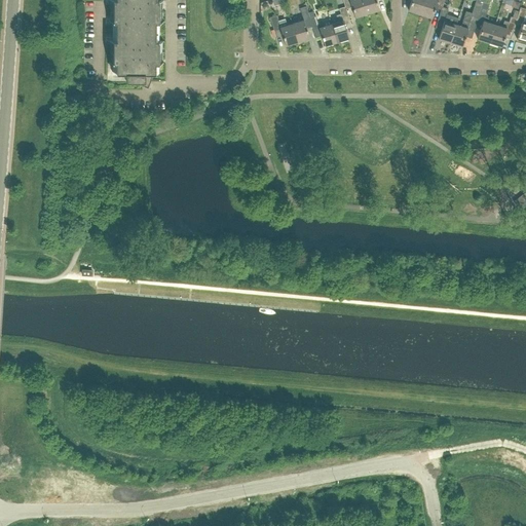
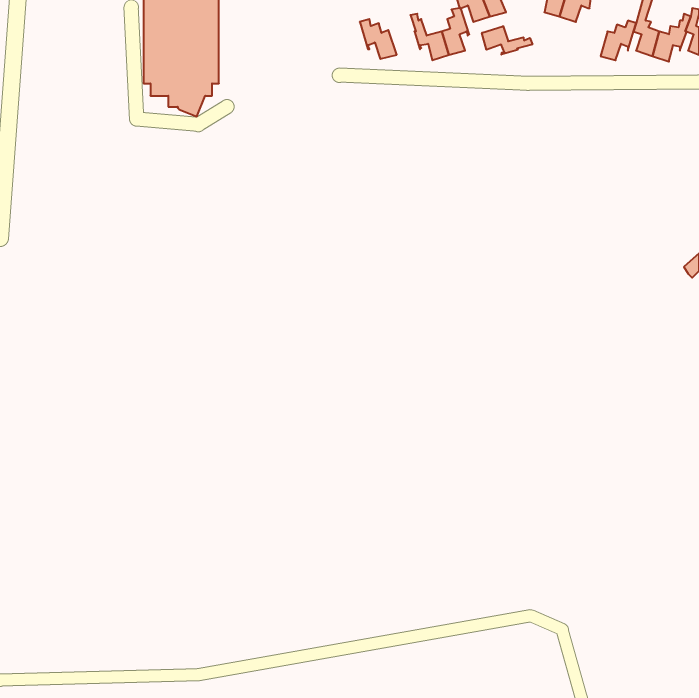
building: [292,5,312,41] -> none
building: [436,6,458,42] -> none
building: none -> [482,26,532,55]

